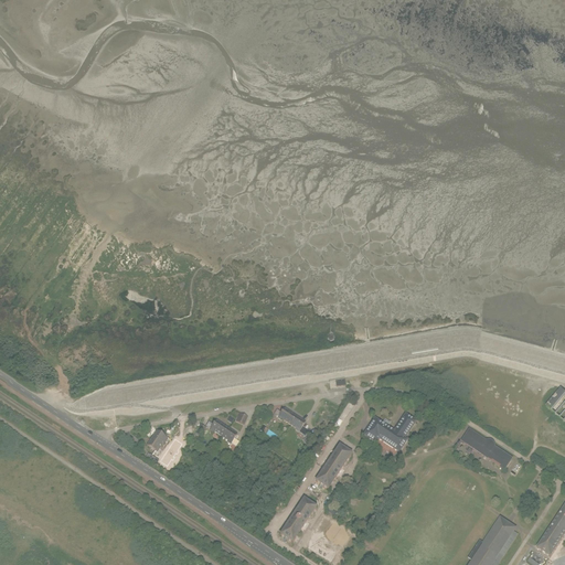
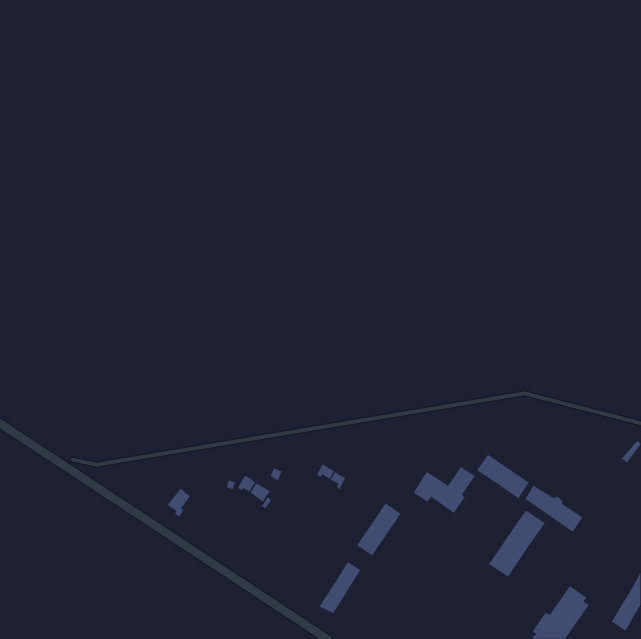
building: none -> [477,454,530,499]
building: none -> [488,509,546,578]

